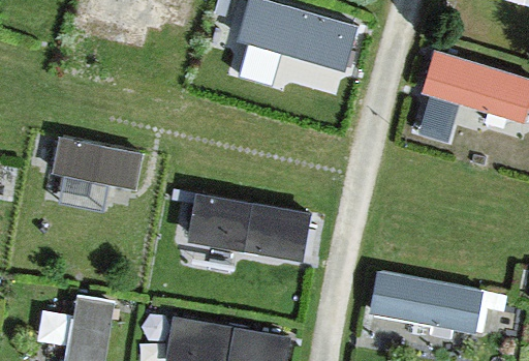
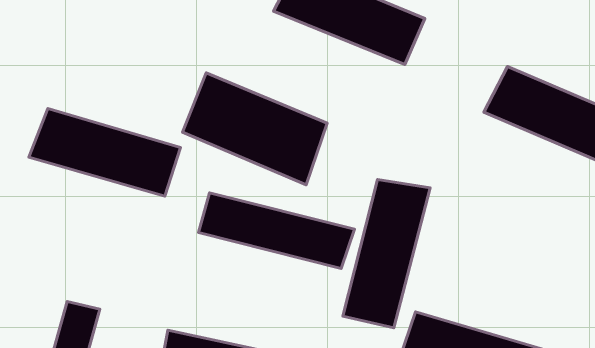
building: none -> [183,73,327,185]
building: none -> [343,179,430,328]

